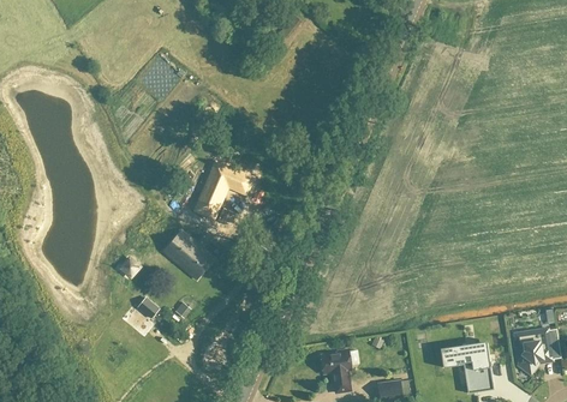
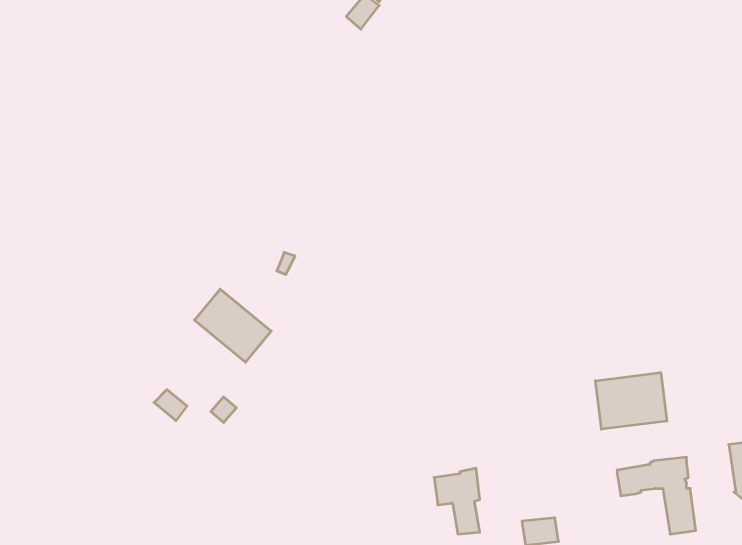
building: [196,161,252,217] -> none
building: none -> [595,373,667,429]

